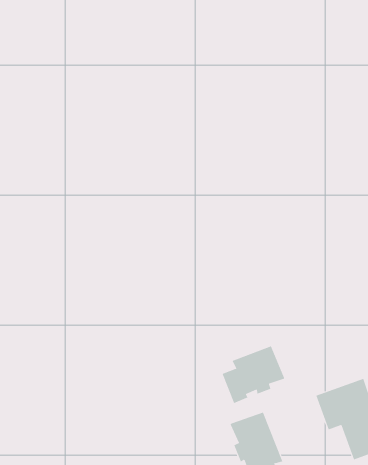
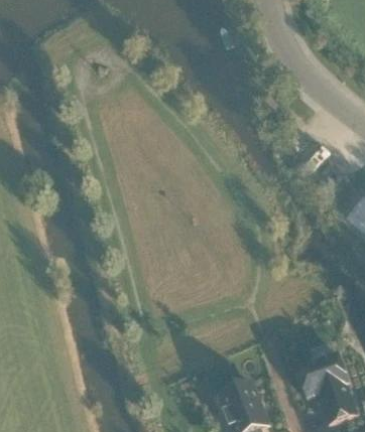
building: [222,345,285,404] -> none

